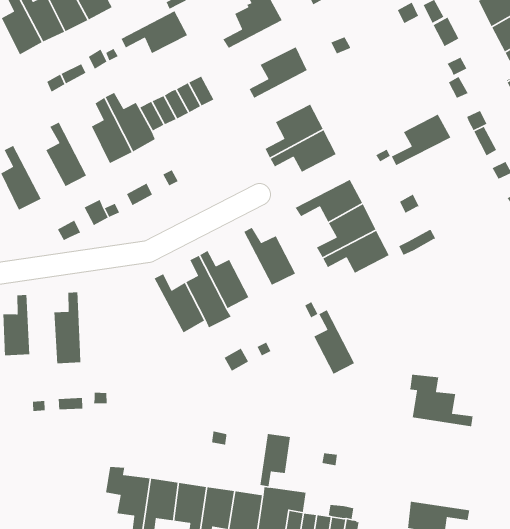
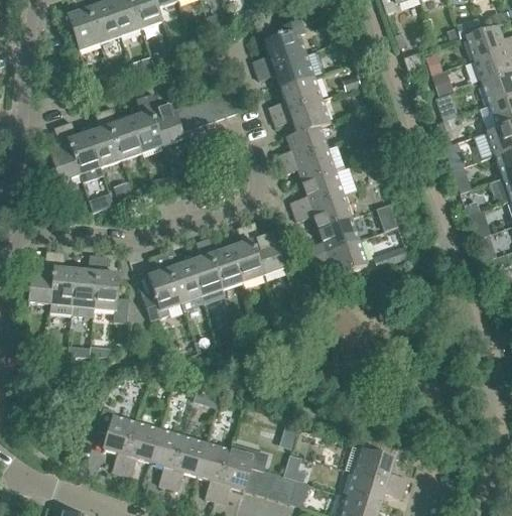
building: [121,10,188,54] -> [256,52,313,87]
building: none -> [271,98,330,133]
building: [391,114,451,166] -> [289,172,343,212]
building: none -> [104,107,141,159]
building: none -> [62,121,104,181]
building: none -> [143,254,182,320]
building: none -> [94,256,128,324]
building: none -> [49,252,76,314]
building: [313,309,355,375] -> [231,226,263,282]
building: [409,374,474,427] -> [354,436,406,489]
building: [260,433,291,487] -> none

